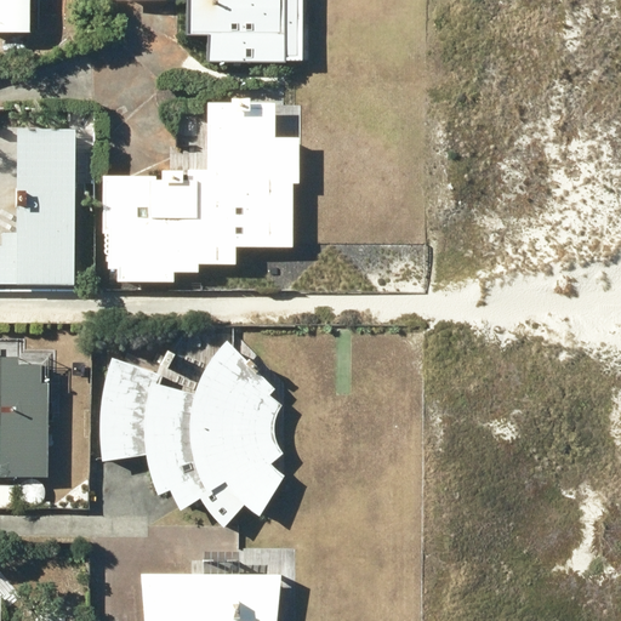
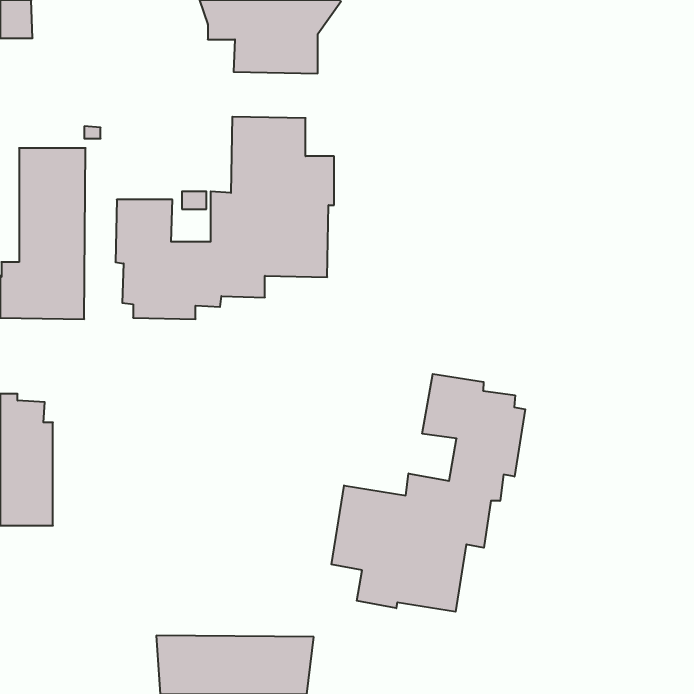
building: [99,329,281,508] -> none
building: none -> [331,374,525,612]

